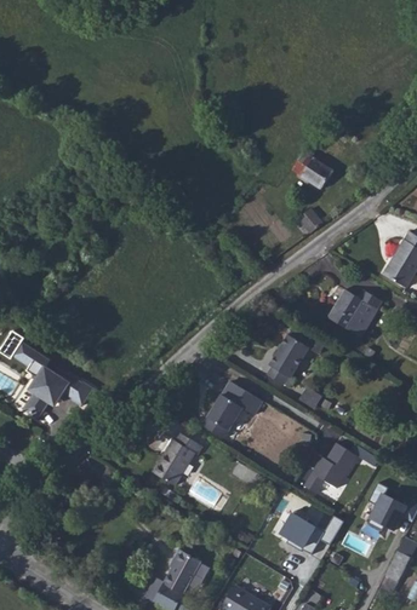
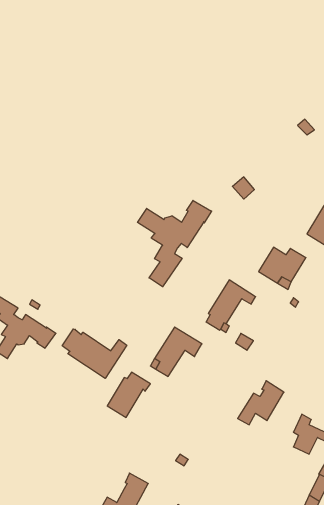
building: [292,151,333,189] -> none
building: none -> [138,200,212,287]
building: none -> [62,329,127,378]
building: [278,512,325,554] -> none

